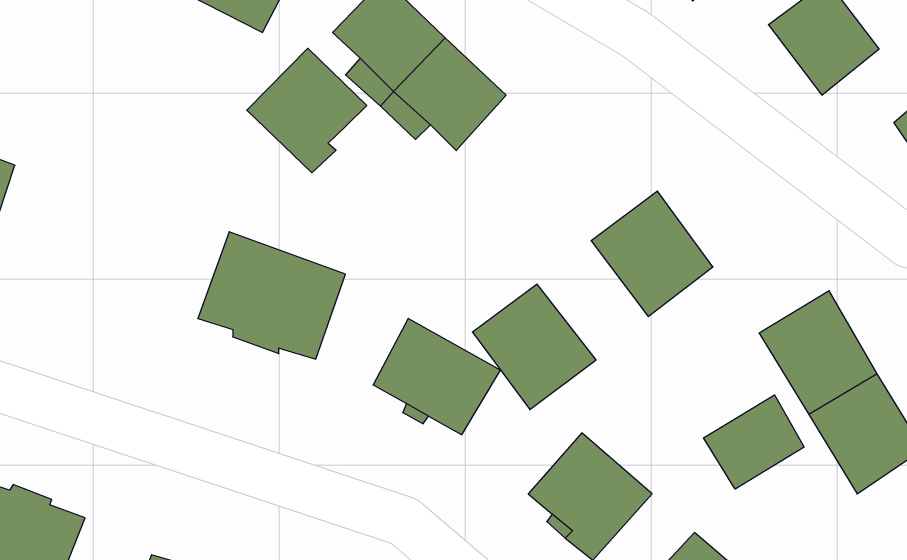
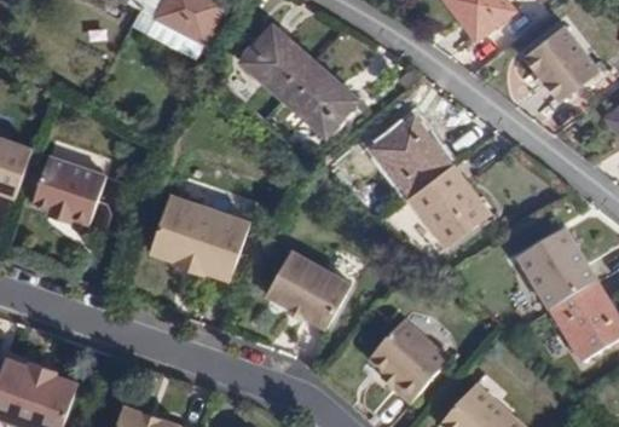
building: [247,48,367,173] -> none
building: none -> [33,152,105,219]
building: [472,284,596,410] -> [371,115,452,197]
building: [704,395,804,489] -> none

